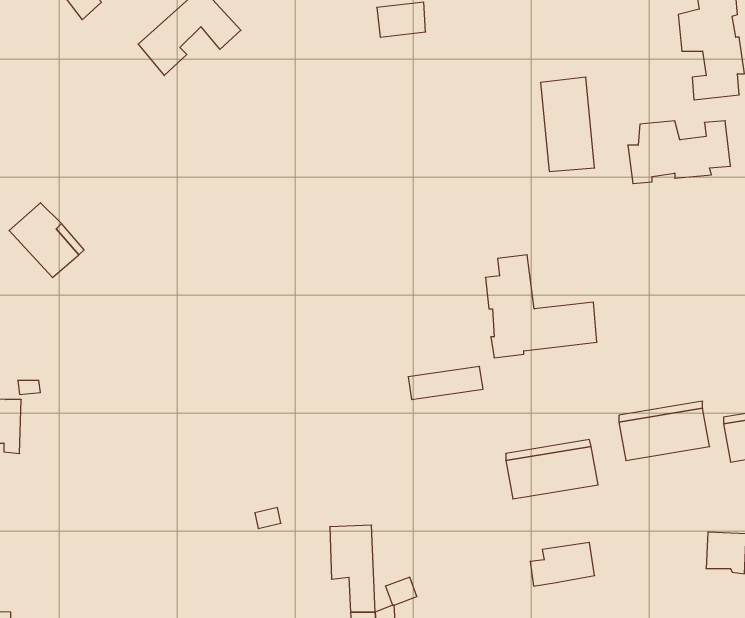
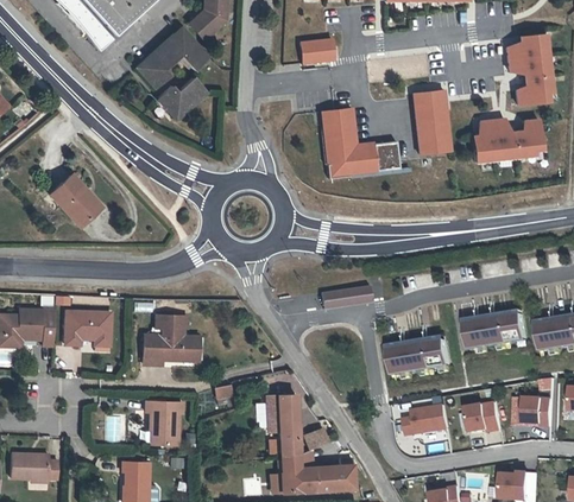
building: none -> [157,76,206,119]
building: [485,255,597,358] -> [322,108,398,178]
building: none -> [68,307,114,341]
building: none -> [145,316,197,364]
building: none -> [146,399,184,444]
building: none -> [467,403,502,433]

